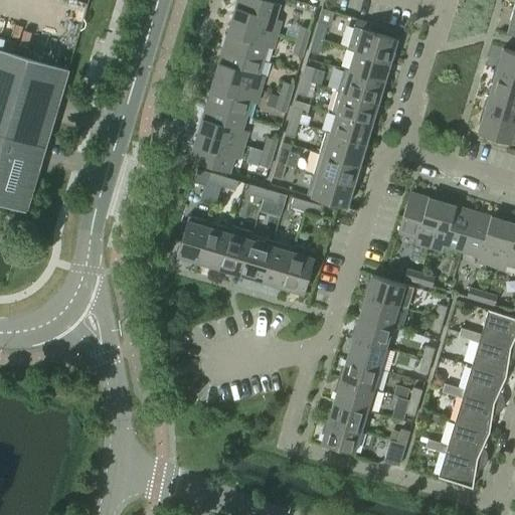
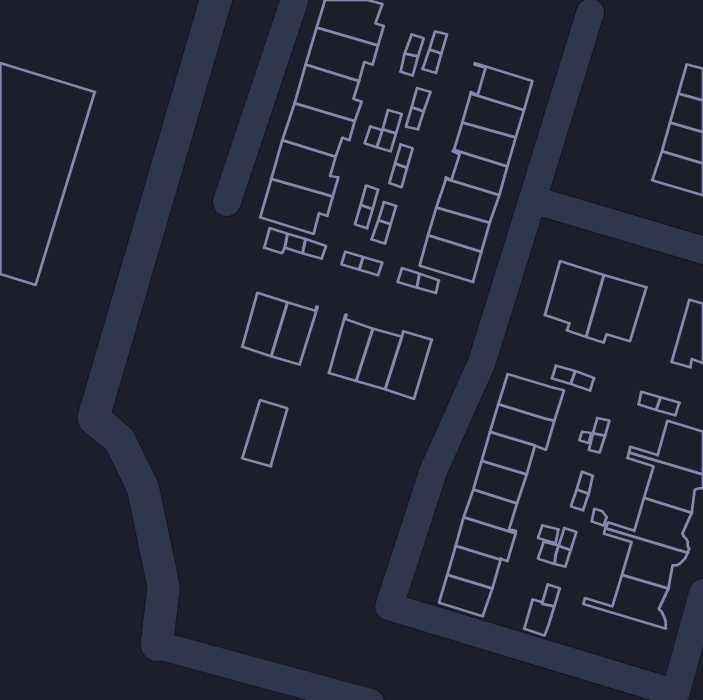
building: [347,27,396,61] -> none
building: [461,212,504,267] -> none
building: [219,226,252,275] -> [242,400,287,466]
building: [425,444,487,489] -> none

